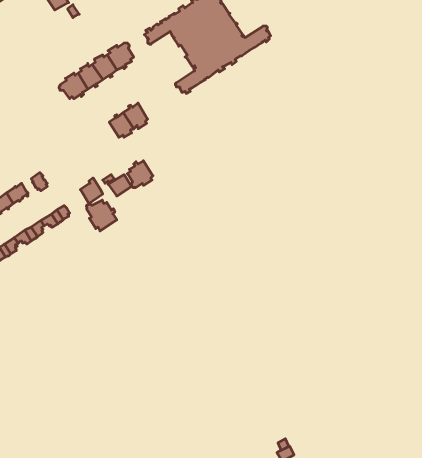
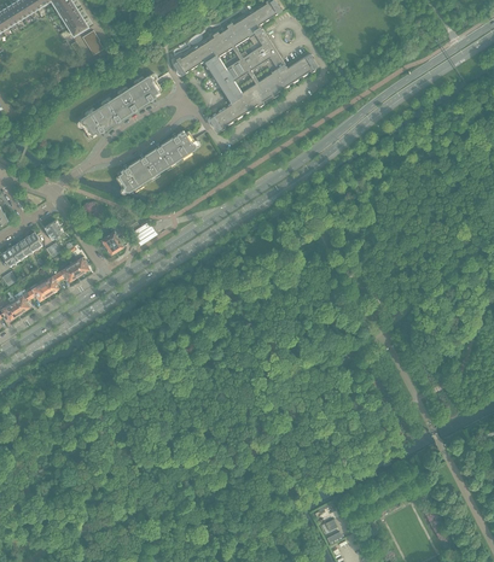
building: none -> [165,130,198,159]
building: [127,161,153,187] -> [115,163,144,193]
building: [86,200,117,231] -> none

